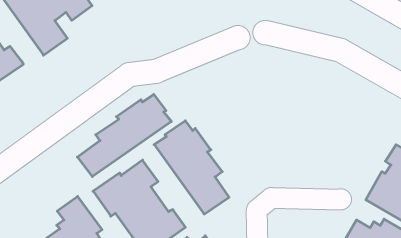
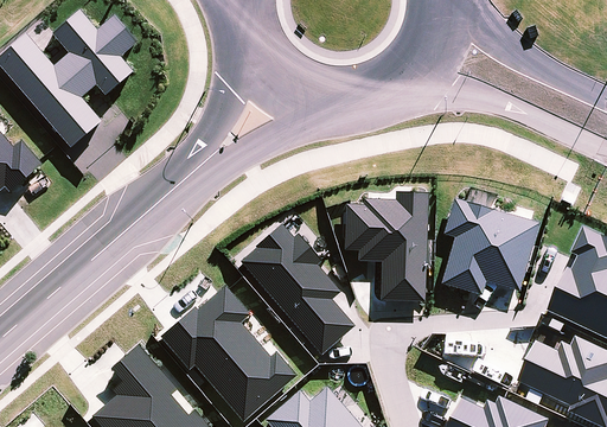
building: [77,94,171,177] -> none
building: none -> [343,192,428,301]
building: none -> [440,199,538,295]

